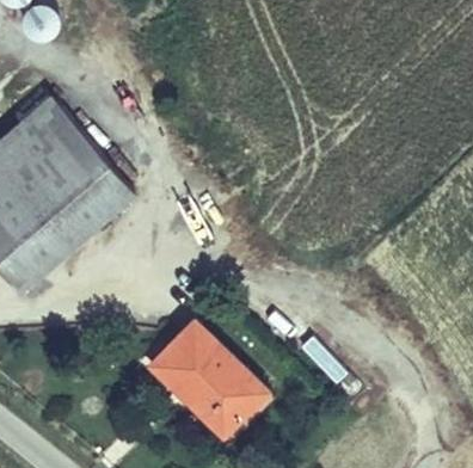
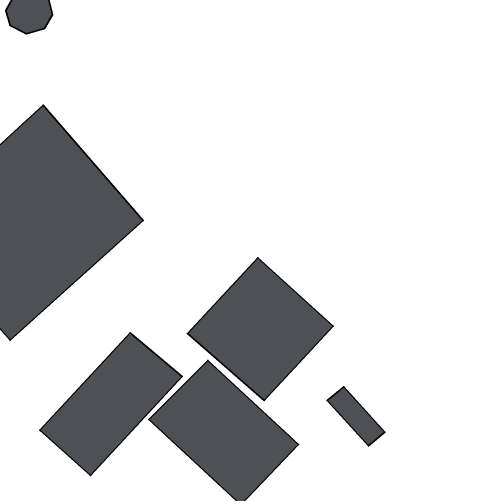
building: none -> [188,258,333,401]
building: none -> [40,333,182,475]

